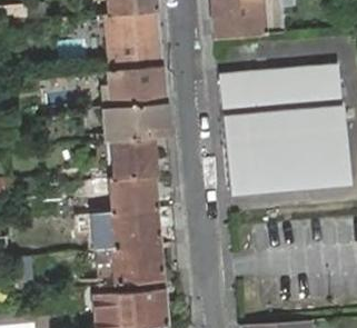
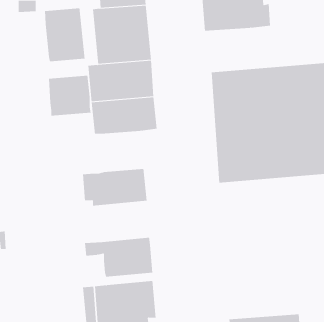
building: none -> [44,7,85,62]
building: [112,136,156,177] -> [48,75,92,116]
building: [93,206,161,247] -> none

